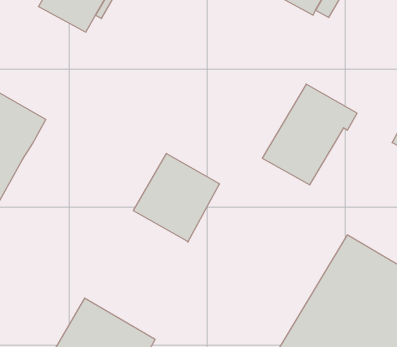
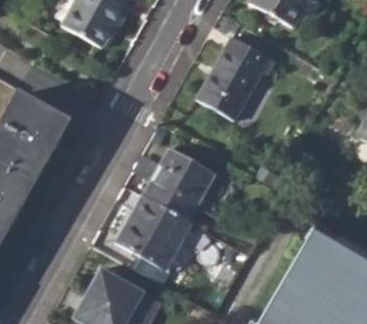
building: [262,84,357,185] -> [193,42,273,127]
building: none -> [114,196,185,285]

